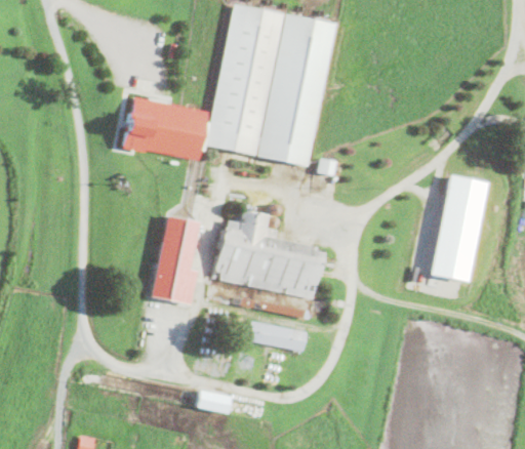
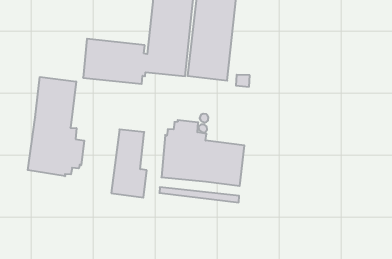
building: none -> [28,77,84,176]
building: [430,175,487,283] -> none
building: [249,322,307,354] -> none

